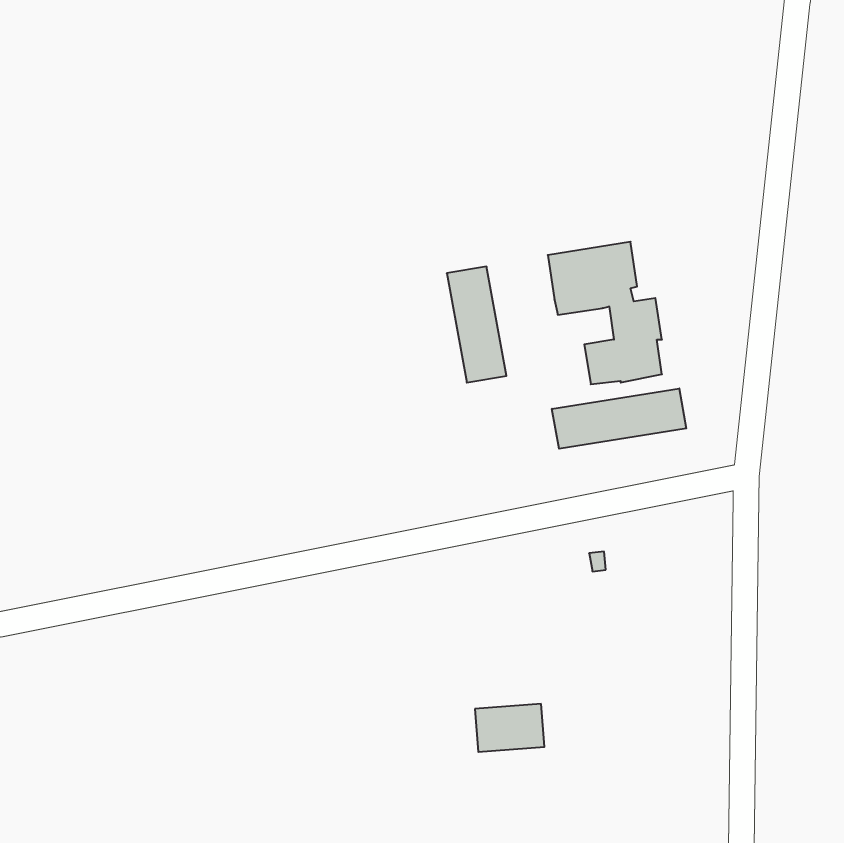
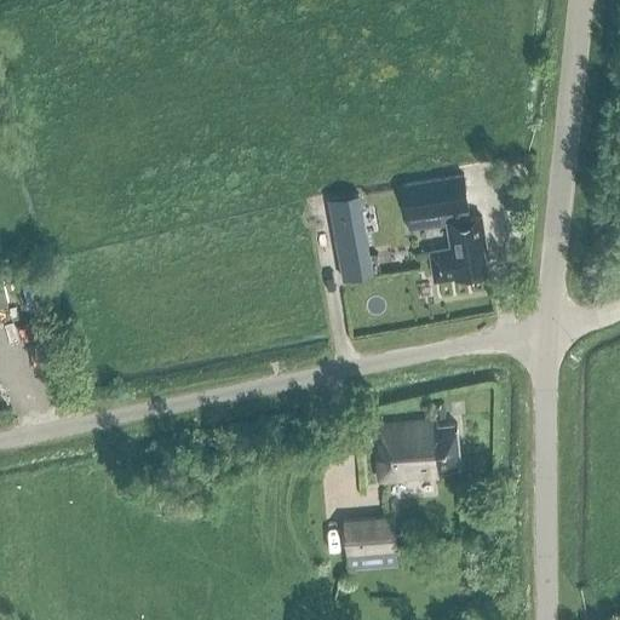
building: [552,388,686,449] -> none
building: none -> [381,423,459,478]

